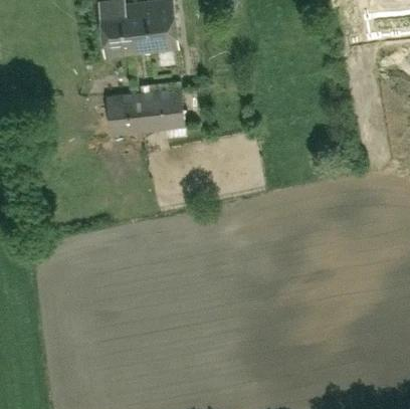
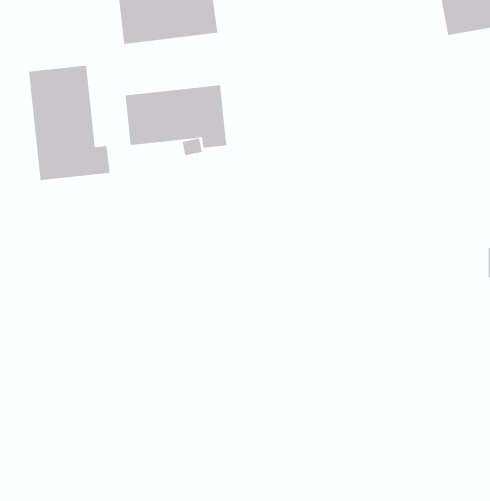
building: none -> [29,65,110,181]

